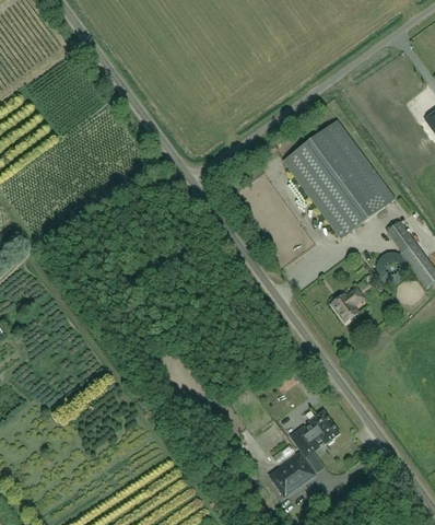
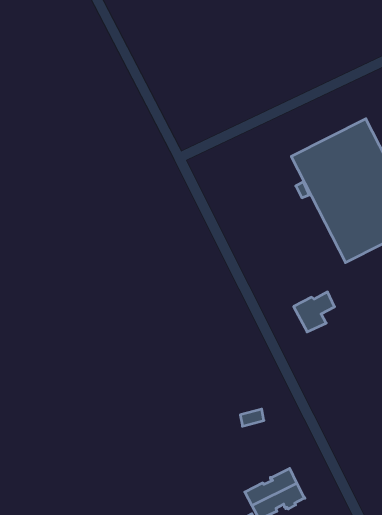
building: [330,287,363,322] -> [294,292,335,332]

